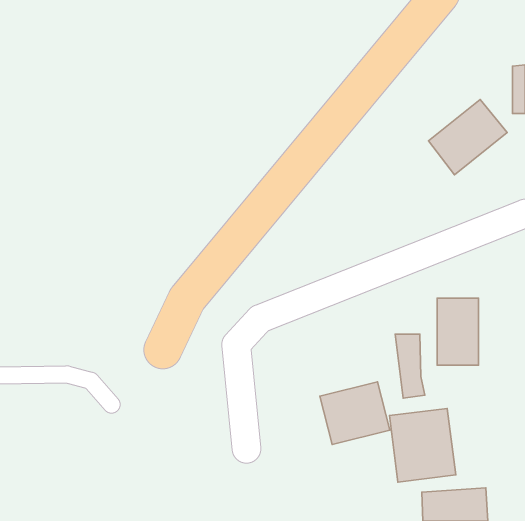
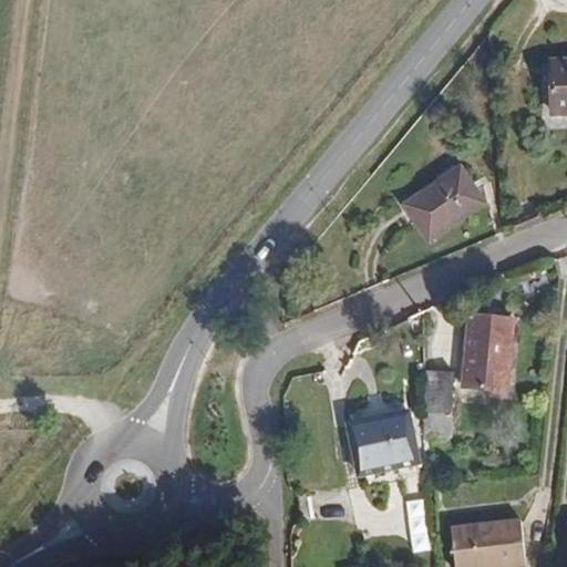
building: [429,100,507,175] -> [396,156,481,237]
building: [389,408,456,482] -> none

